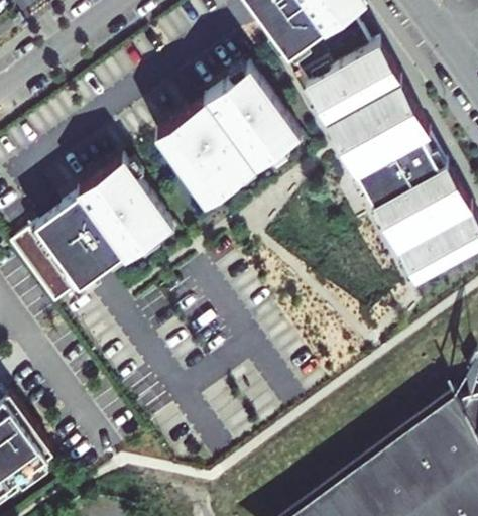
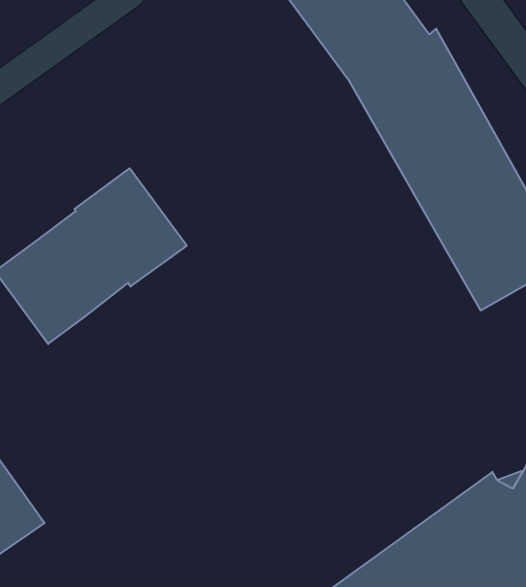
building: [154,71,295,205] -> none

